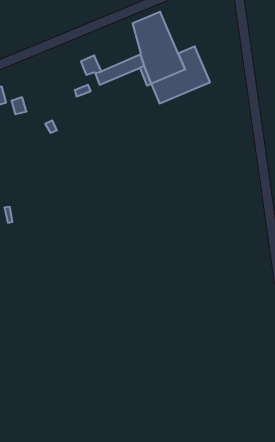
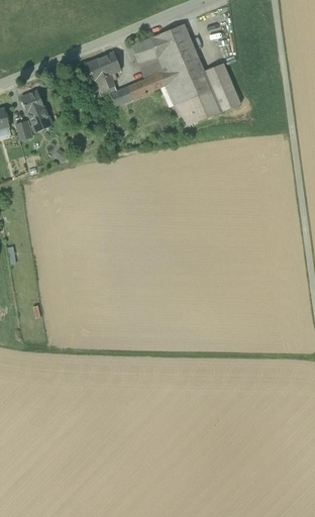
building: none -> [131,36,162,77]
building: none -> [87,51,121,80]
building: none -> [20,90,49,128]

